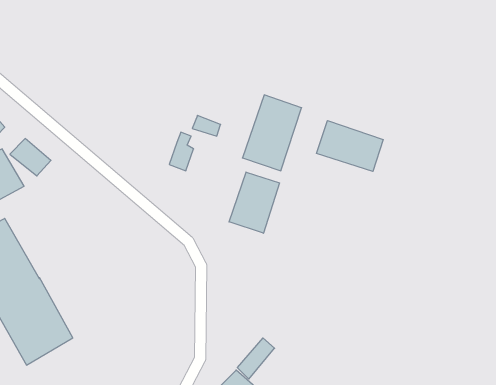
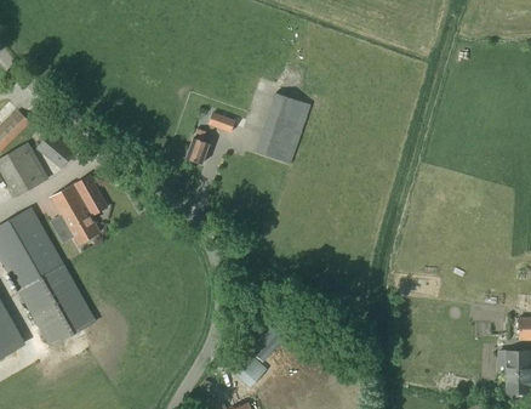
building: [317,121,383,171] -> none
building: [229,172,279,233] -> none
building: none -> [48,176,107,244]

